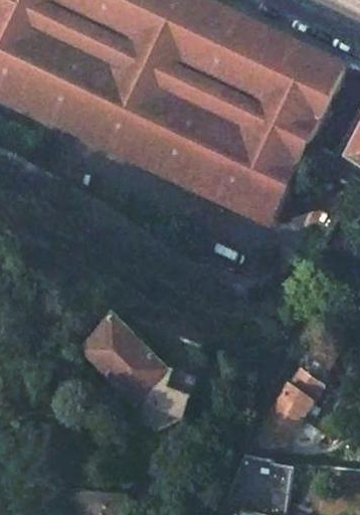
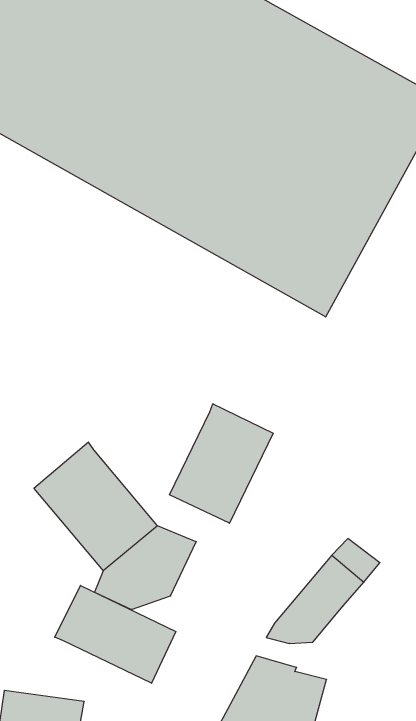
building: none -> [170,404,273,523]
building: none -> [55,585,176,683]

